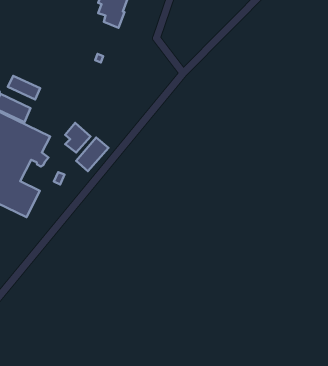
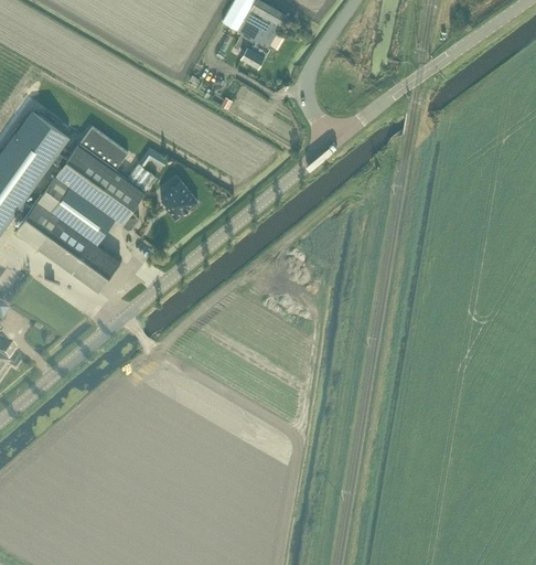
building: [8,76,40,99] -> none
building: [76,137,108,171] -> none

